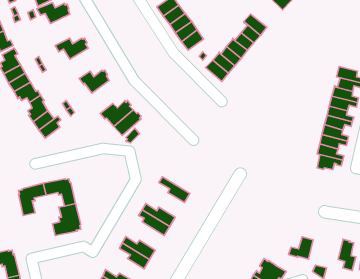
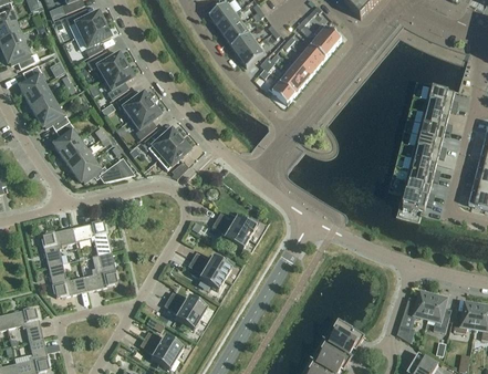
building: none -> [80,22,111,55]
building: none -> [103,63,133,98]
building: none -> [129,102,159,138]
building: none -> [73,157,132,180]
building: none -> [215,210,258,238]
building: none -> [46,261,85,295]
building: [288,237,313,259] -> [403,291,433,318]

